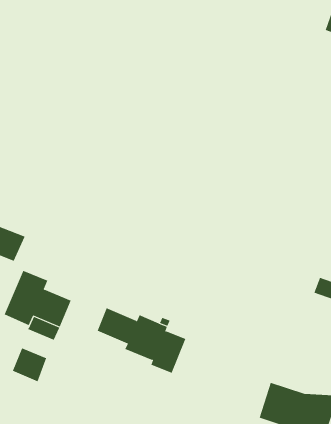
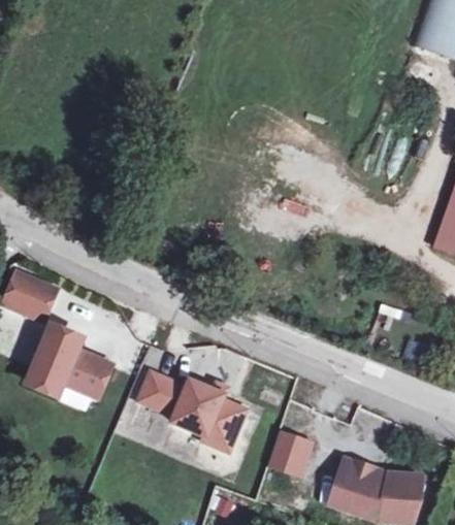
building: [12,348,47,382] -> none
building: none -> [271,433,314,474]

